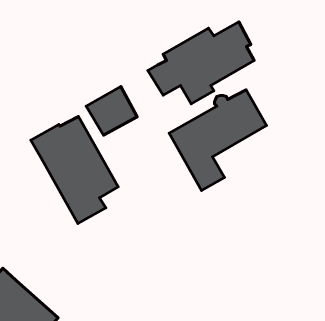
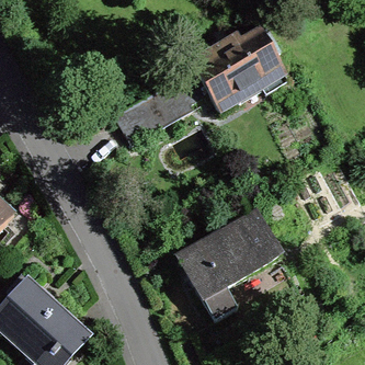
building: [169,90,267,190] -> [181,218,280,320]
building: [31,116,118,224] -> none

